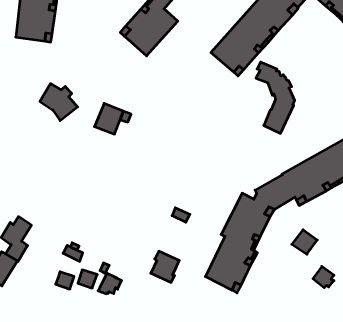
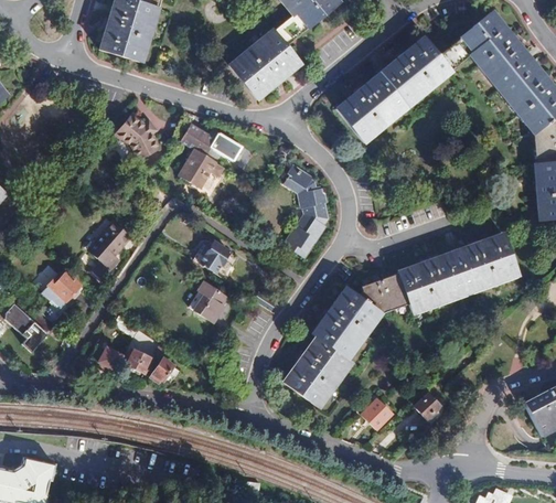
building: [256,62,295,133] -> [285,165,328,257]
building: none -> [181,124,242,161]
building: none -> [88,222,130,280]
building: none -> [200,240,238,278]
building: [292,230,317,254] -> [361,398,393,429]
building: [151,251,179,282] -> [190,281,227,322]

